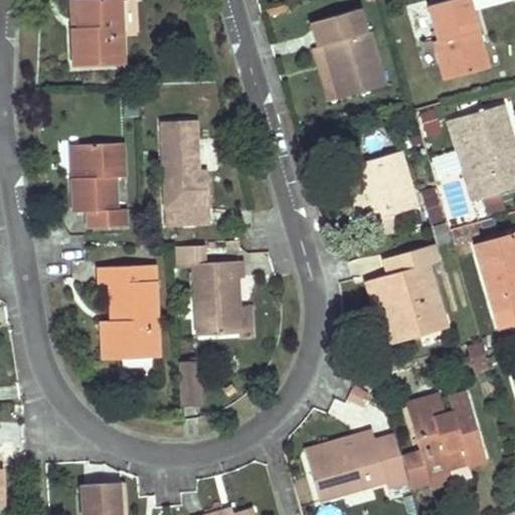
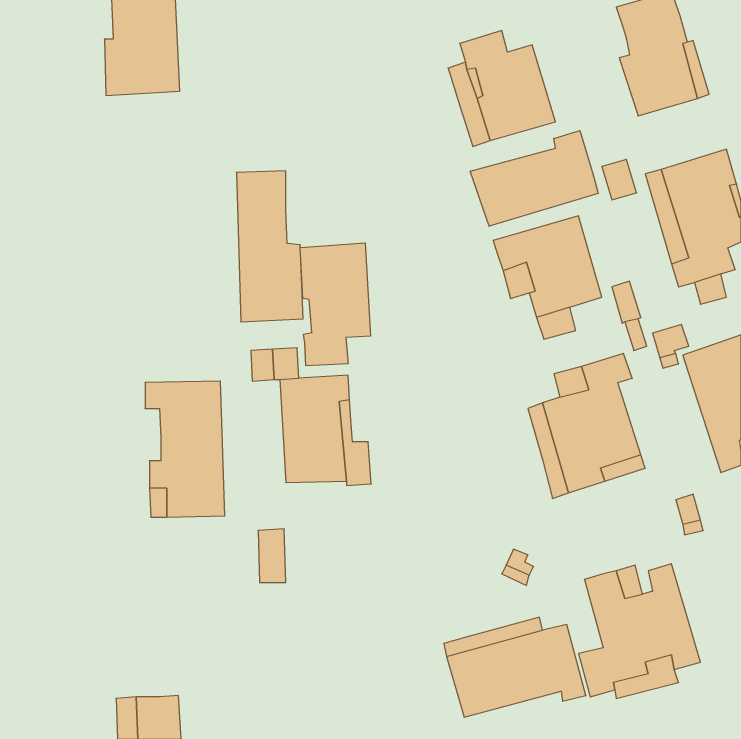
building: none -> [470,131,598,226]
building: [73,143,125,226] -> none
building: none -> [300,243,370,366]

